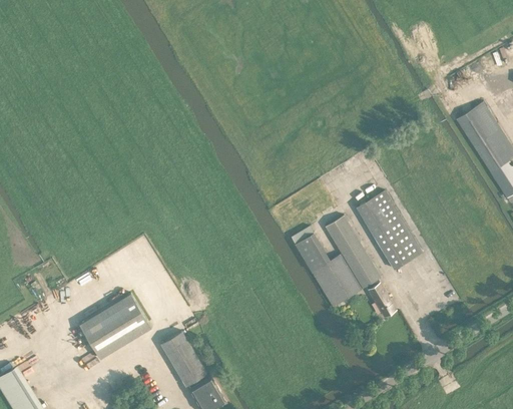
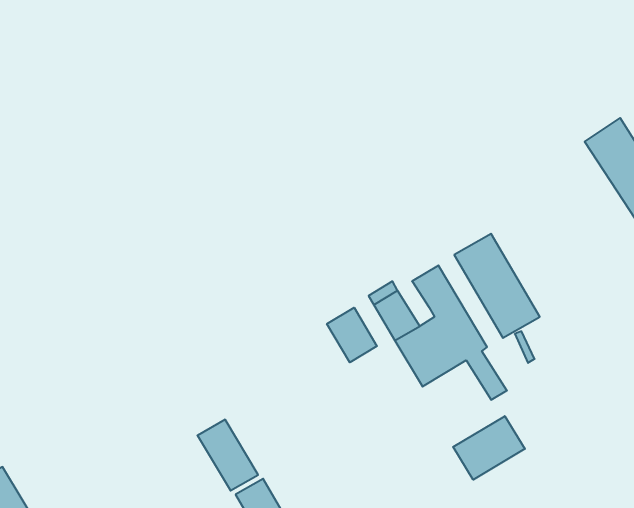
building: none -> [327,308,377,362]
building: [79,294,151,359] -> none
building: none -> [453,416,525,480]

